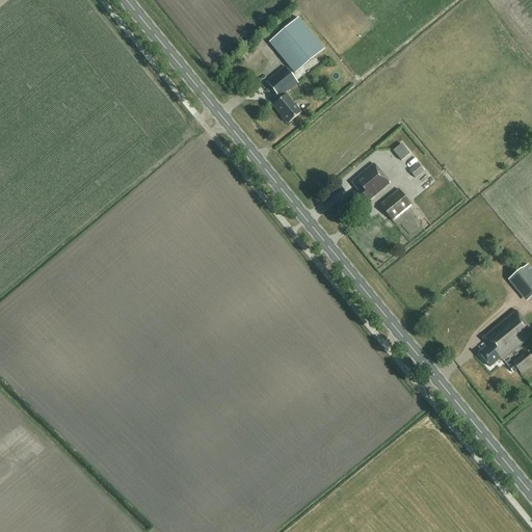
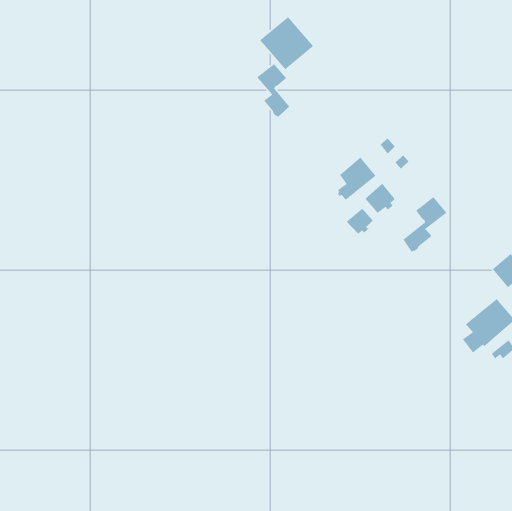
building: none -> [402,196,447,252]
building: none -> [346,208,373,234]

